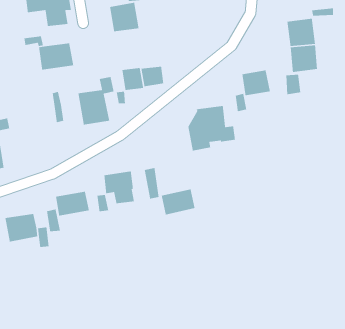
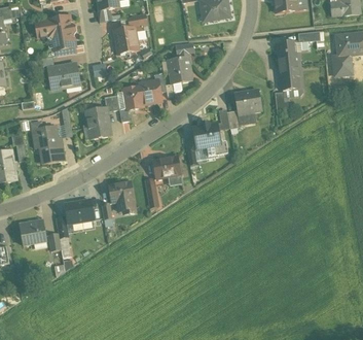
building: none -> [168,56,192,82]
building: none -> [31,118,65,163]
building: [161,188,196,215] -> [152,154,184,178]

